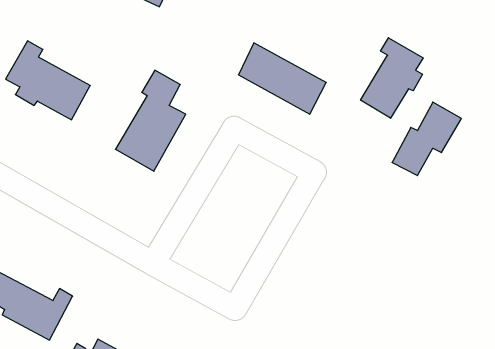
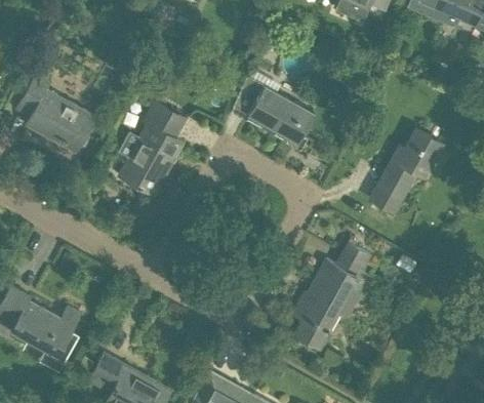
building: [361,38,423,118] -> none
building: none -> [292,244,371,349]

